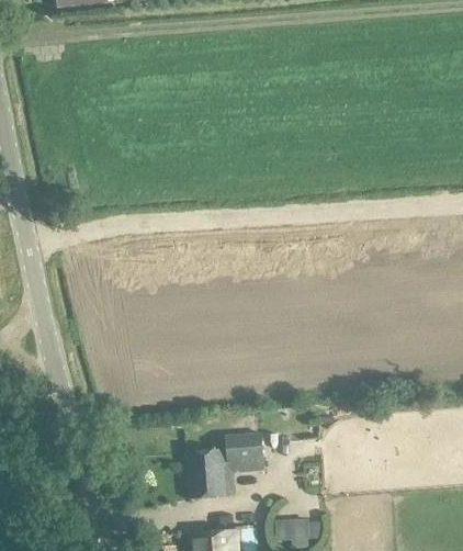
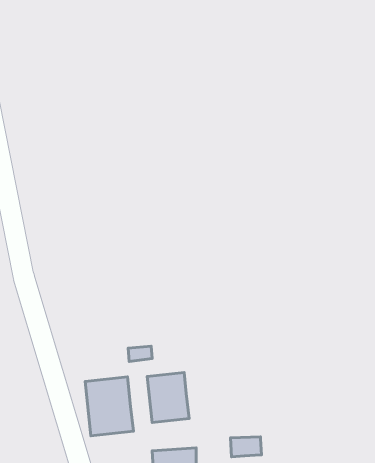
building: [227,432,267,470] -> none
building: none -> [85,377,134,436]

